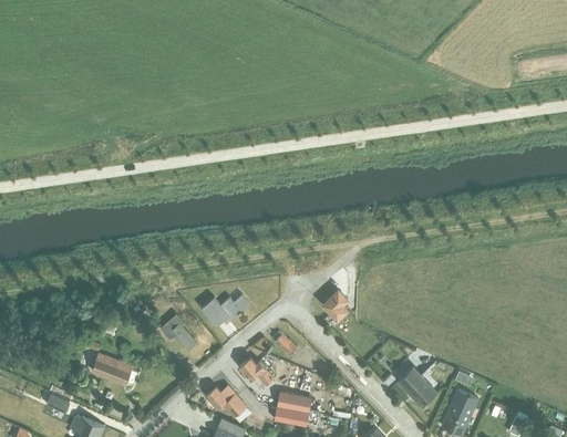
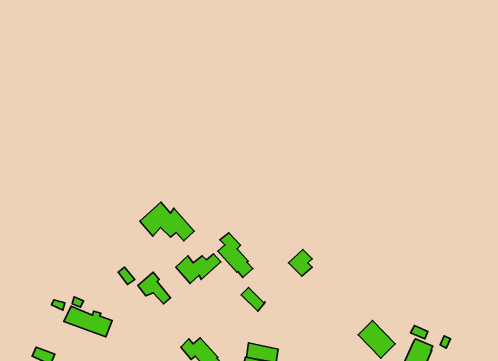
building: none -> [140,202,194,241]
building: none -> [218,233,253,277]
building: [239,357,274,385] -> none

